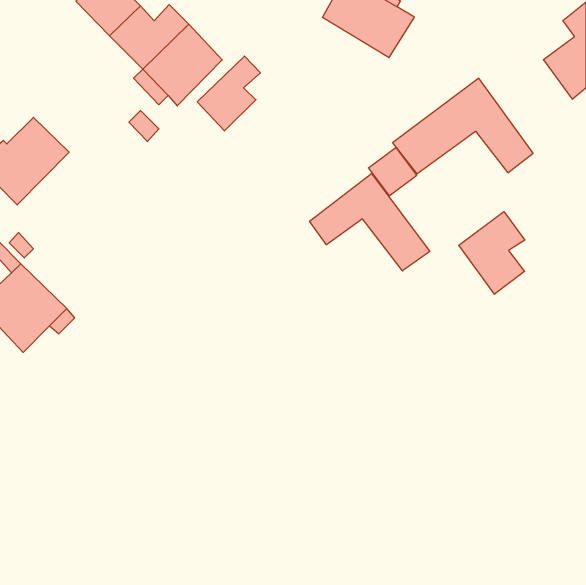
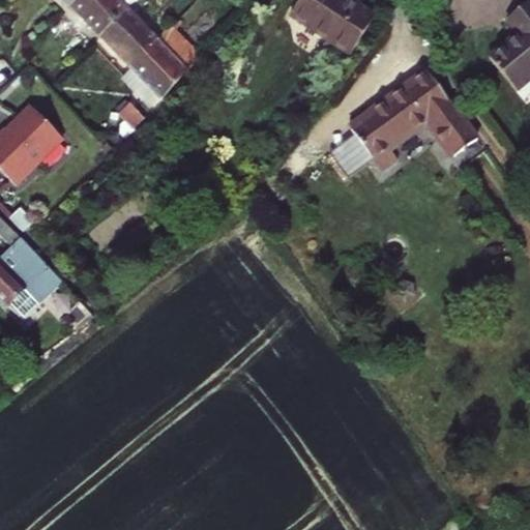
building: [197,56,260,131] -> none
building: [310,173,430,271] -> none
building: [459,212,525,294] -> none

